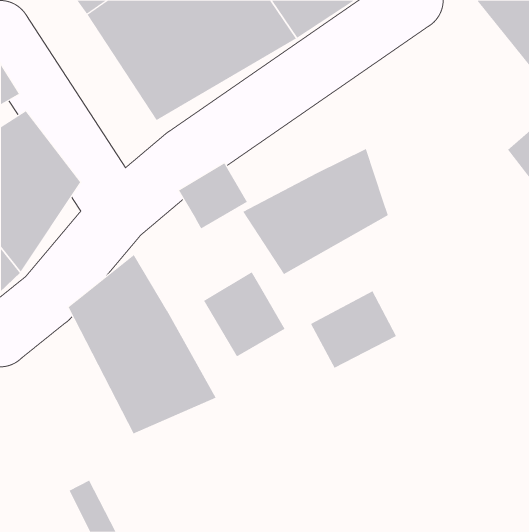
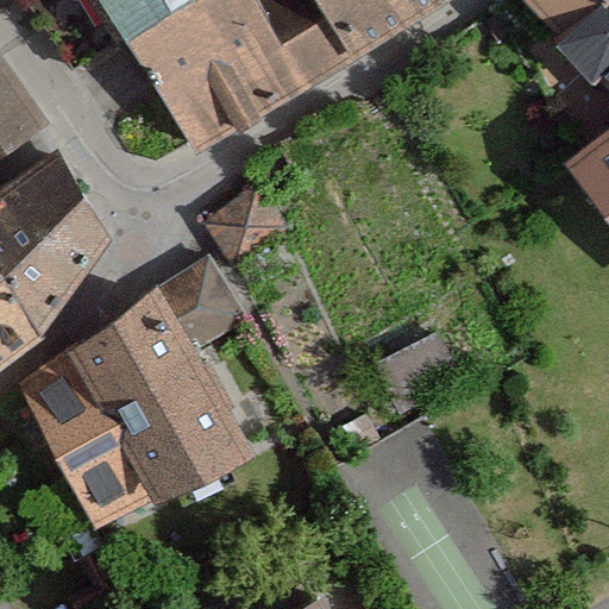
building: [242,148,388,275] -> none
building: [203,272,286,357] -> [157,257,251,354]
building: none -> [26,351,156,525]

